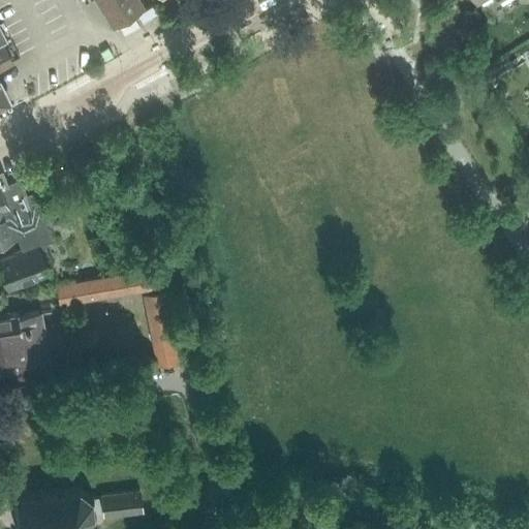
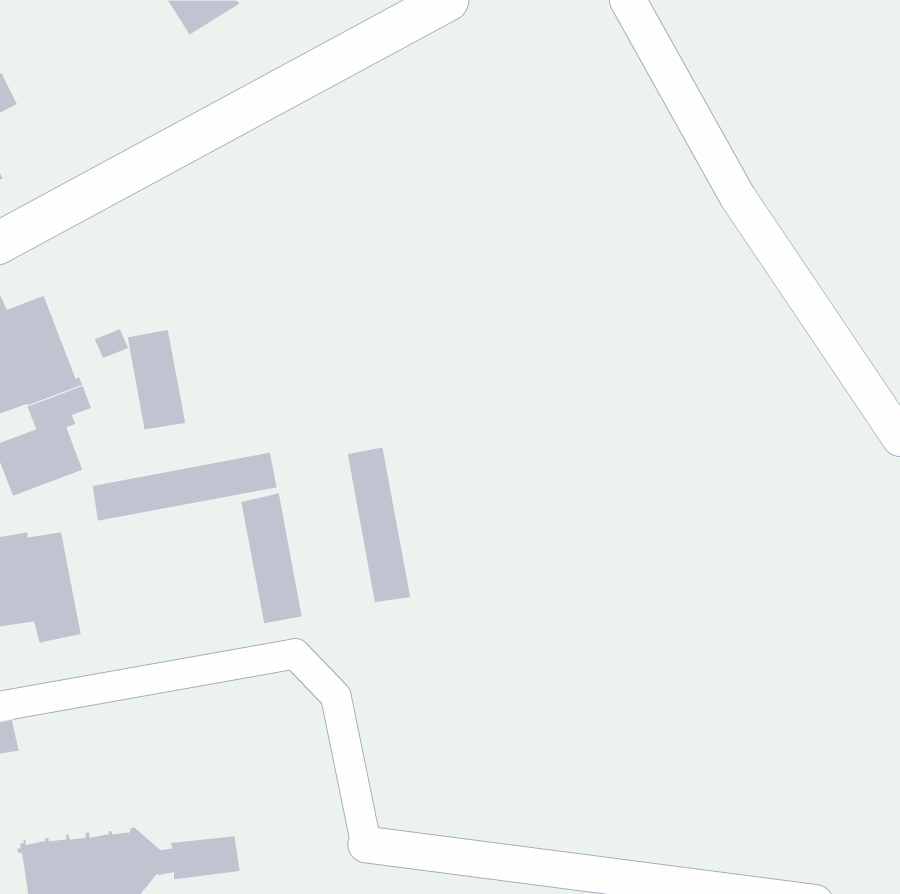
building: none -> [127,329,186,430]
building: none -> [347,447,411,603]

